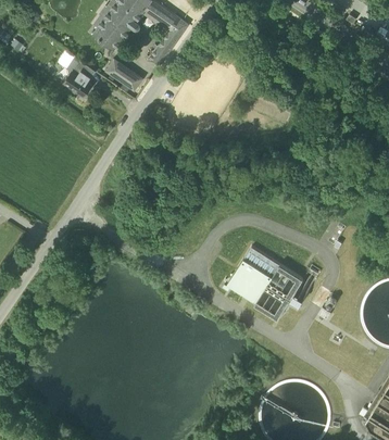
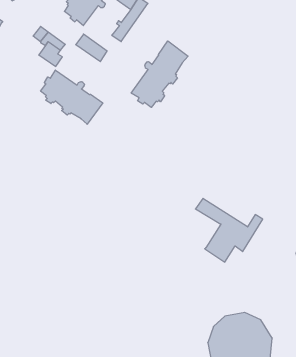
building: none -> [131,41,188,107]
building: none -> [41,70,103,124]
building: [227,260,273,304] -> none

